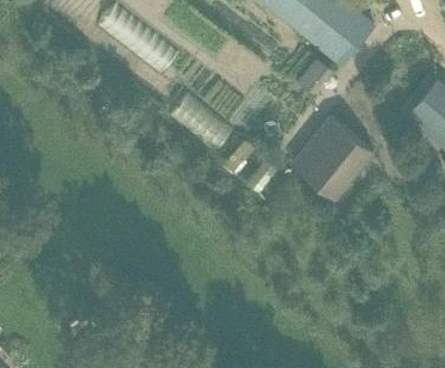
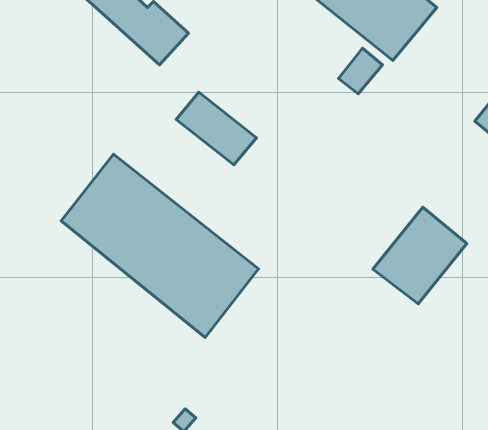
building: [297,123,371,200] -> [373,207,467,304]
building: none -> [61,154,259,338]

